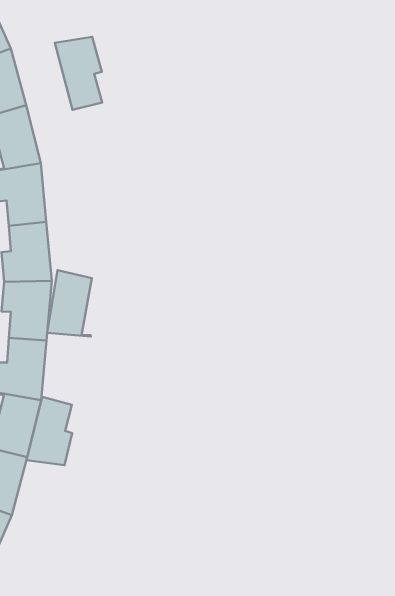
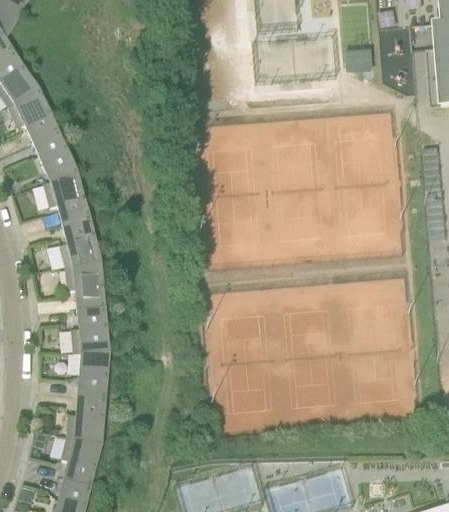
building: [55,37,102,110] -> none
building: [47,270,92,337] -> none
building: [27,397,72,465] -> none

